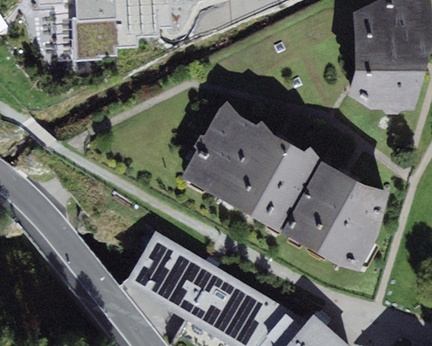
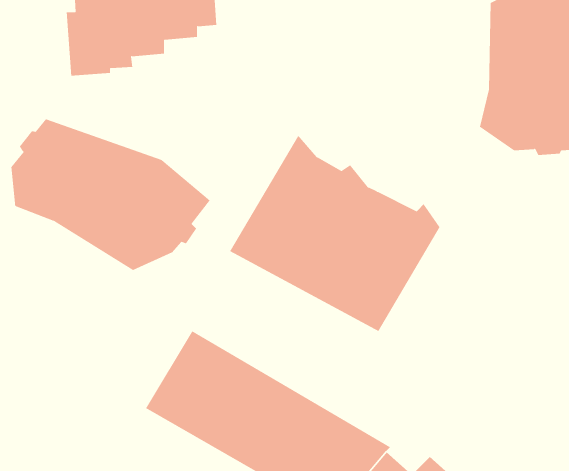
building: none -> [11,119,210,271]
building: [280,162,389,271] -> none

